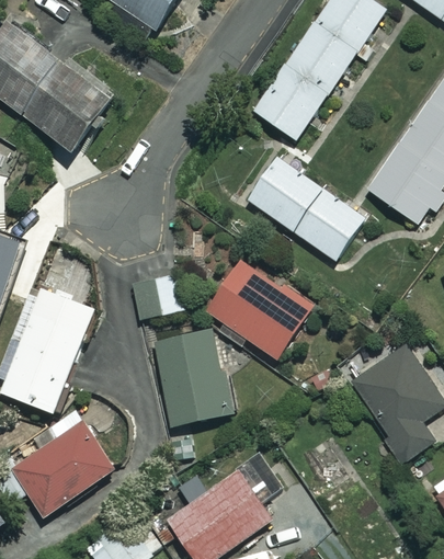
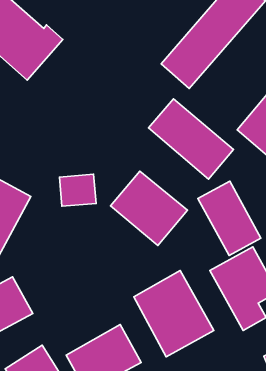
building: none -> [198,181,261,256]
building: [155,329,231,425] -> none
building: none -> [134,271,214,357]

